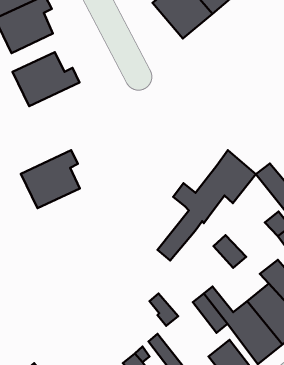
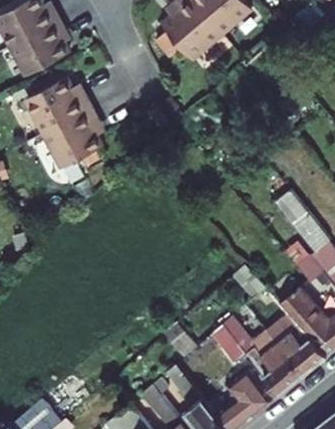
building: [158,150,256,261] -> none
building: [21,150,80,208] -> [44,109,104,168]

